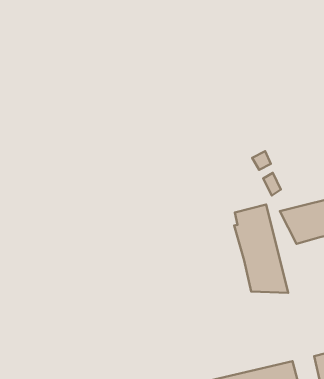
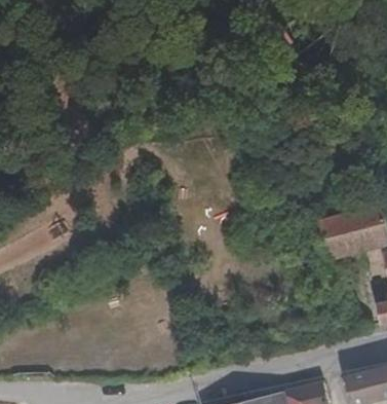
building: [234,204,288,293] -> none

